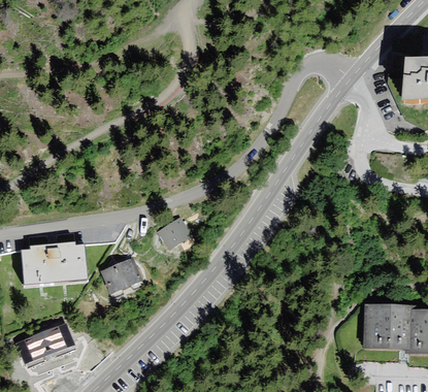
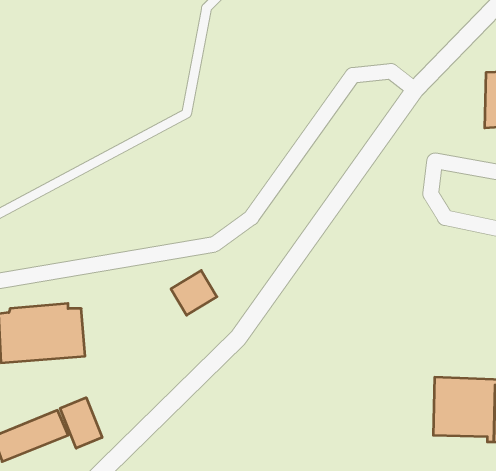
building: [102,258,141,294] -> none
building: none -> [60,398,102,448]

